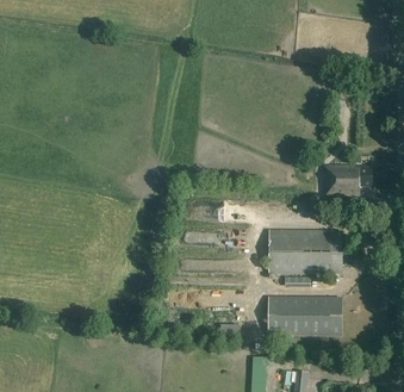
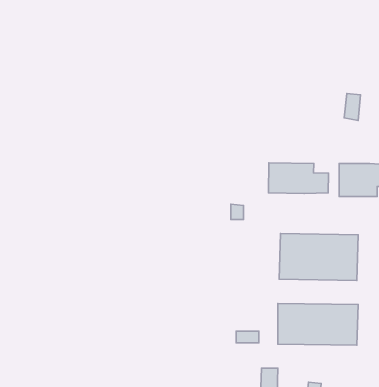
building: none -> [268,163,329,194]

